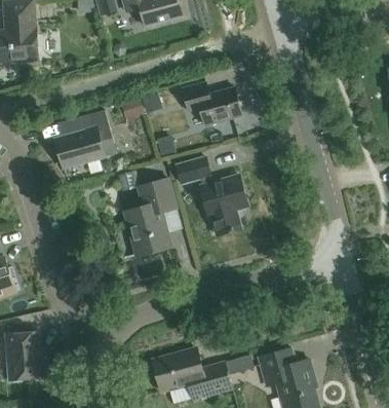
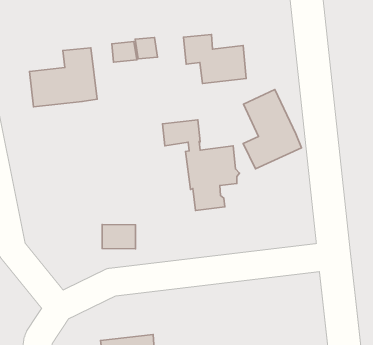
building: none -> [243,89,301,169]
building: [125,179,176,256] -> none

